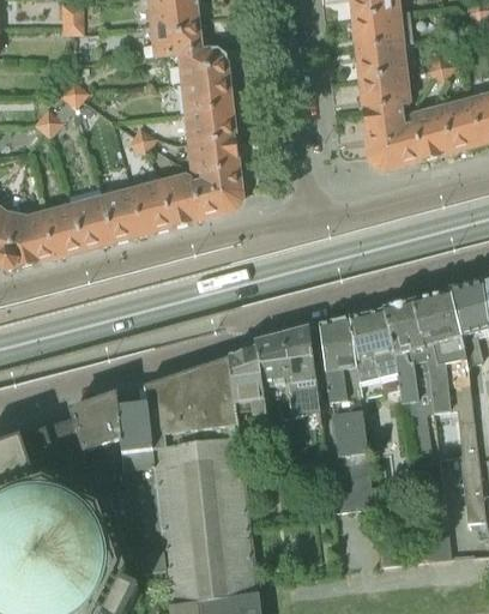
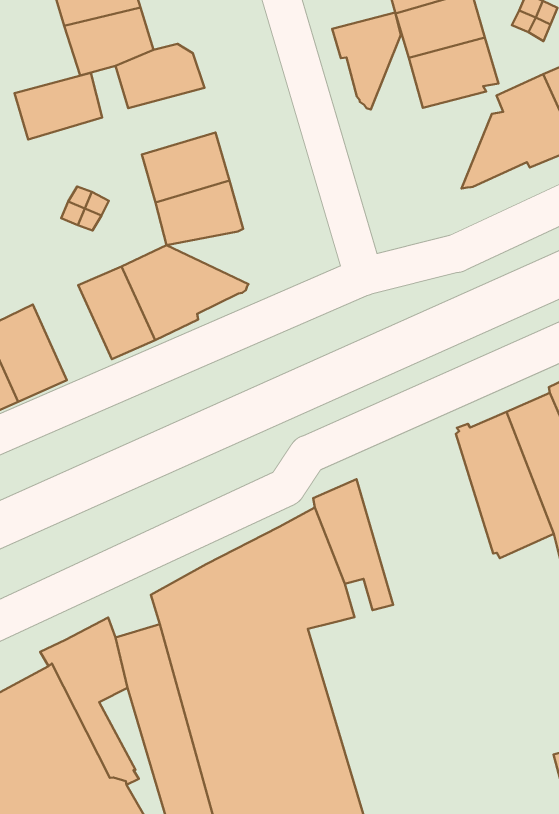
building: [180,77,231,112] -> [15,73,102,139]
building: [362,108,404,165] -> [332,12,401,110]
building: [189,169,239,203] -> none
building: [101,186,144,243] -> none
building: [319,317,375,513] -> none
building: [283,327,320,428] -> none

